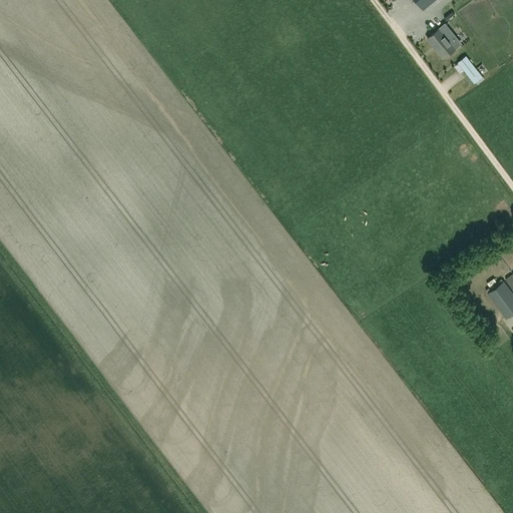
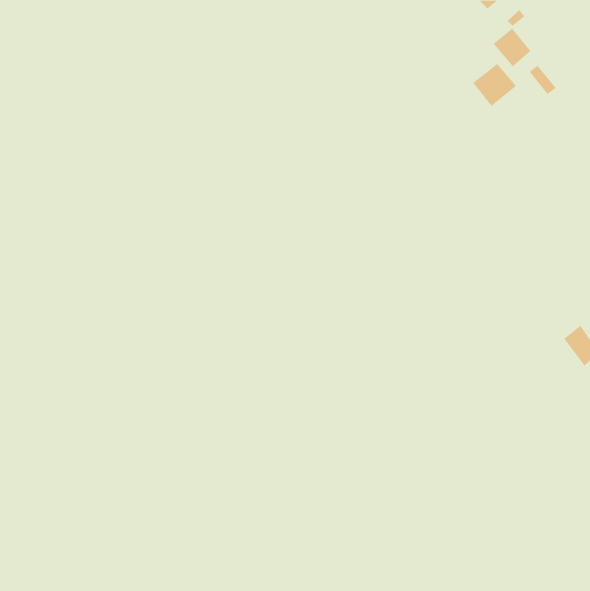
building: none -> [472,63,517,107]

